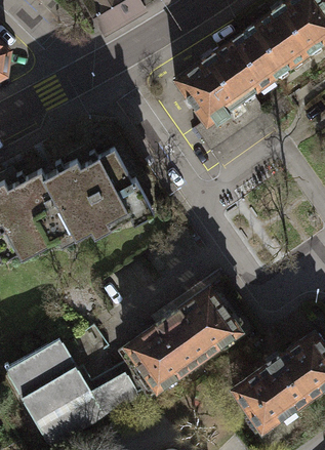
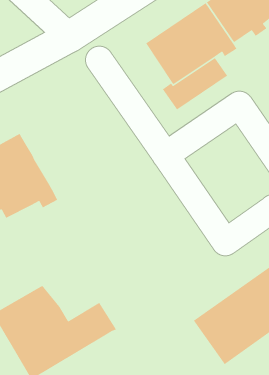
building: [47,160,152,244] -> none
building: [118,276,243,388] -> none

